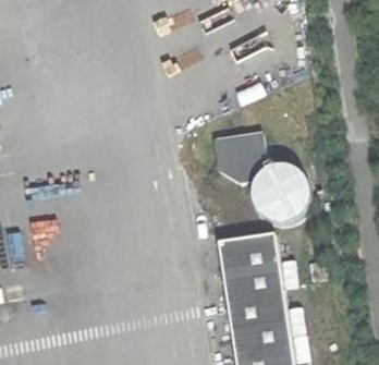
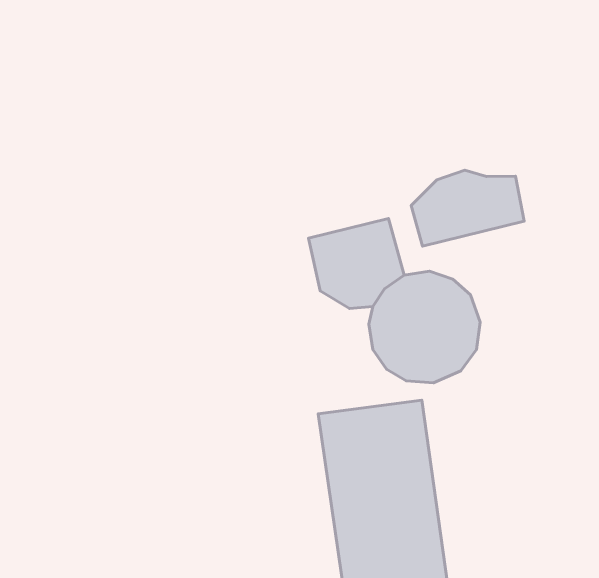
building: none -> [411,170,524,246]

